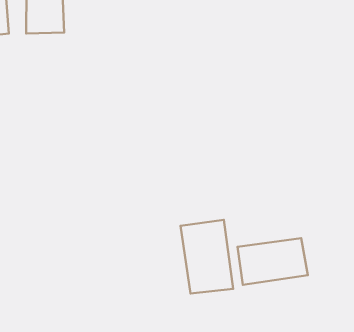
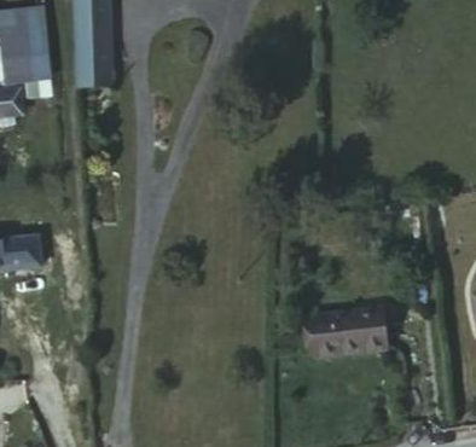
building: [180,220,233,293] -> none

